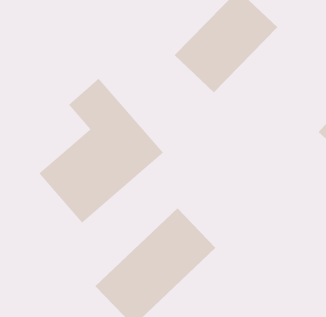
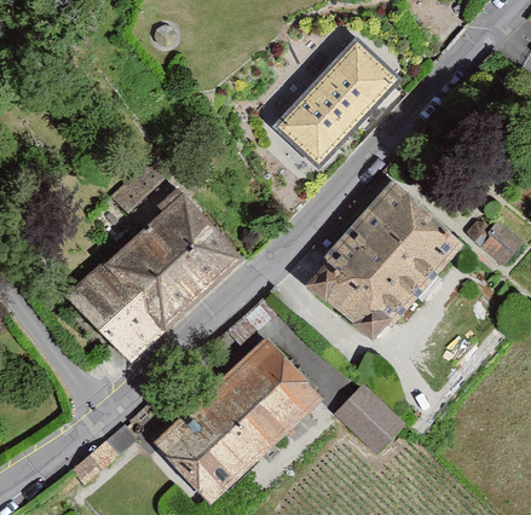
building: none -> [301,183,458,343]
building: none -> [335,382,406,453]

